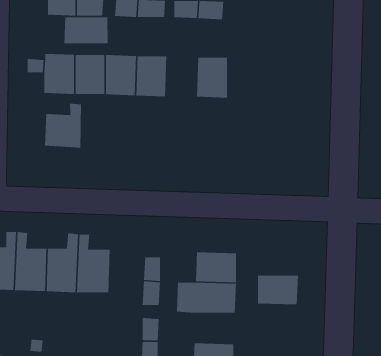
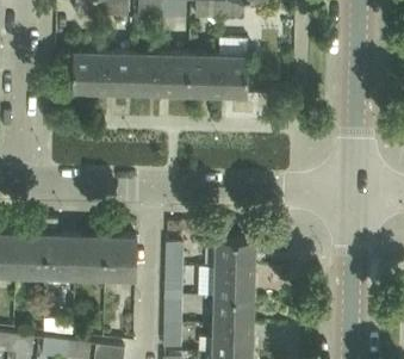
building: [64,16,108,44] -> none
building: none -> [187,55,217,94]
building: [44,103,82,149] -> none
building: [257,275,299,305] -> [213,298,253,327]

